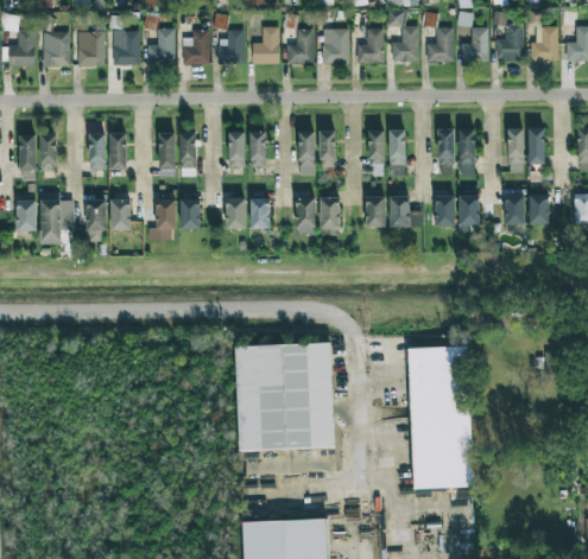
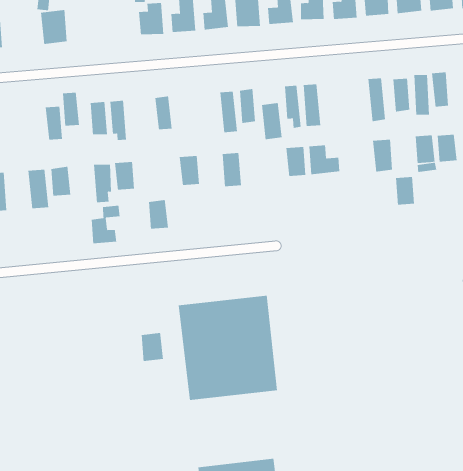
building: [147,27,175,62] -> none
building: [182,30,209,64] -> none
building: [77,31,105,65] -> none
building: [437,128,454,164] -> [393,78,410,112]
building: [249,131,266,167] -> none
building: [89,133,106,169] -> [62,92,80,126]
building: [320,196,340,235] -> [261,102,282,140]
building: [435,196,454,225] -> [395,176,415,205]
building: [226,197,246,228] -> [148,199,169,229]
building: none -> [91,205,120,244]
building: [409,345,472,488] -> none
building: none -> [141,332,163,362]

